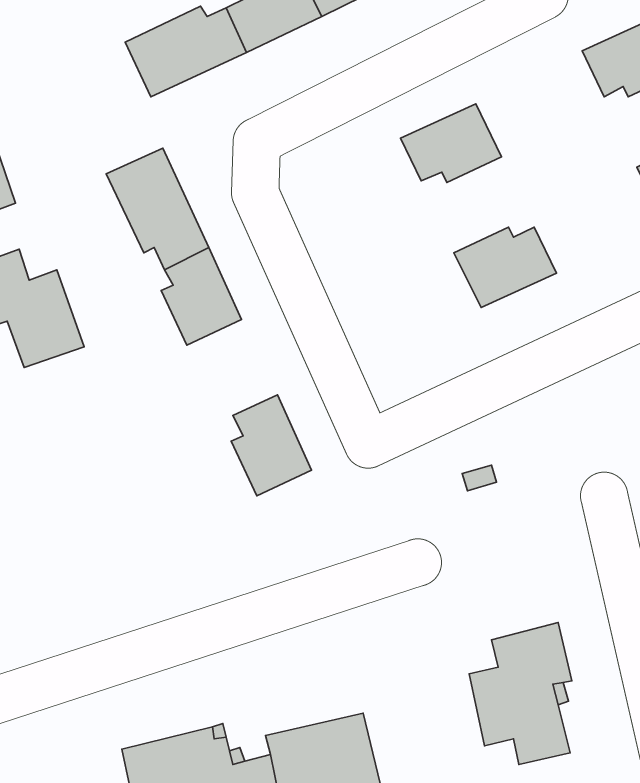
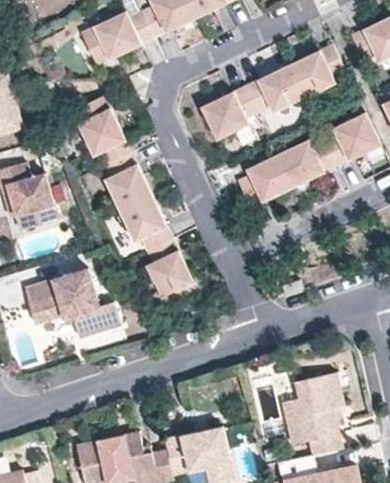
building: none -> [288,45,345,98]
building: none -> [200,87,256,139]
building: none -> [322,114,380,166]
building: none -> [234,154,291,208]
building: none -> [118,194,171,250]
building: none -> [25,267,126,335]

